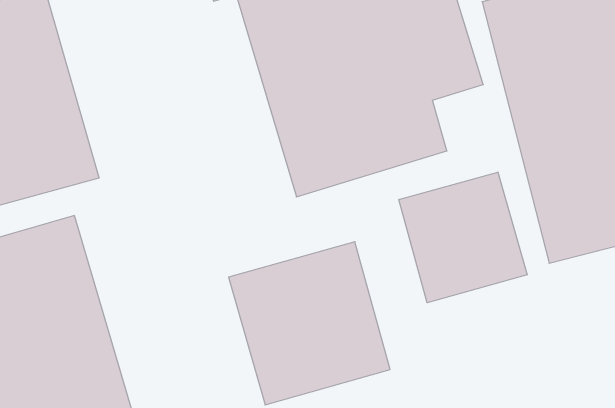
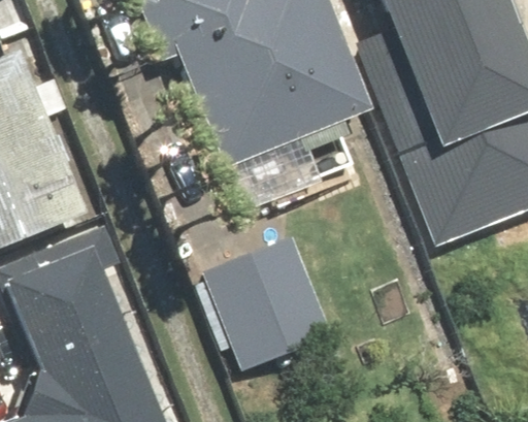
building: [399,172,527,303] -> none

